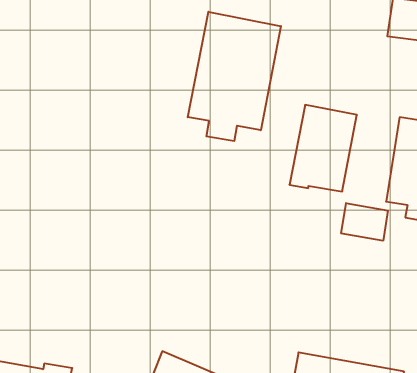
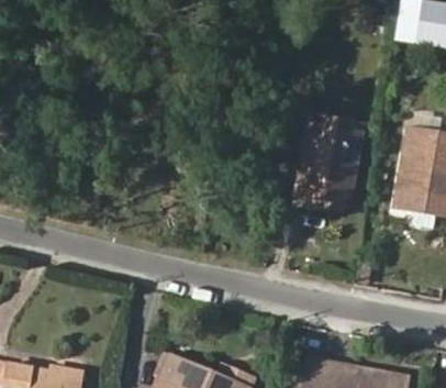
building: [188,12,281,141] -> none
building: [341,203,388,241] -> none

